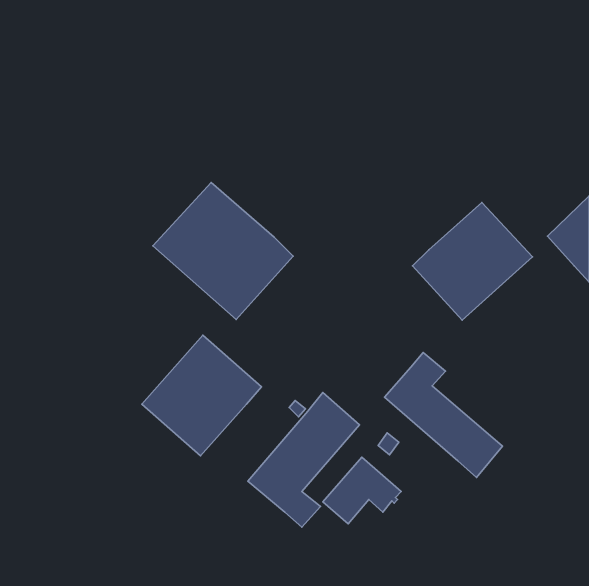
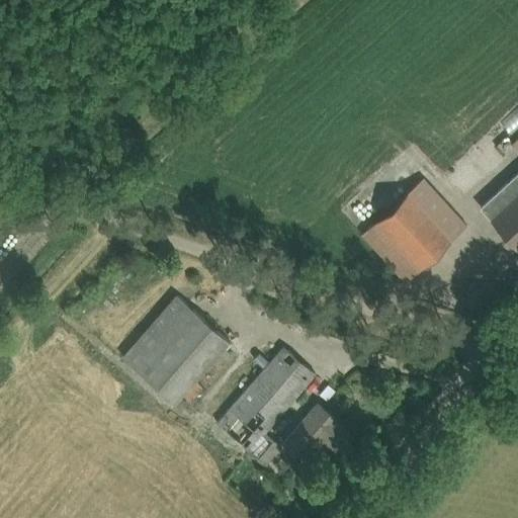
building: [153,182,293,319] -> none
building: [384,353,503,477] -> none

